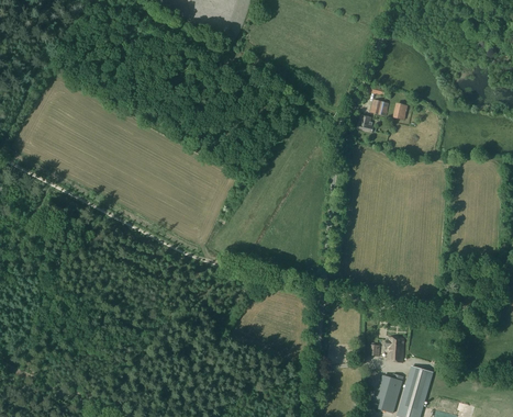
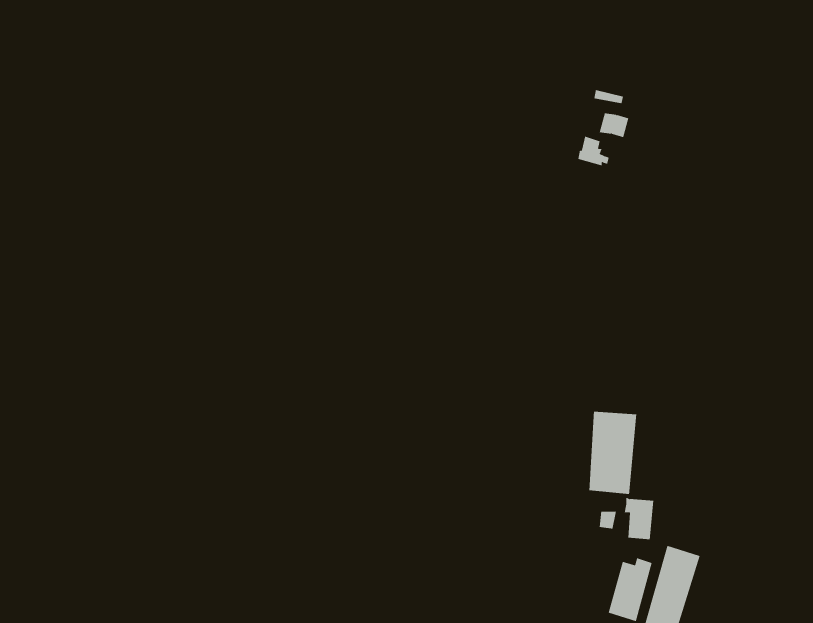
building: none -> [589,411,637,495]

